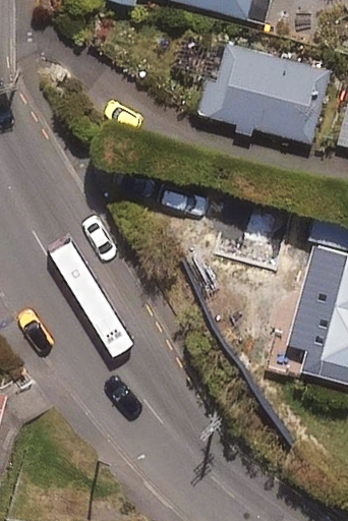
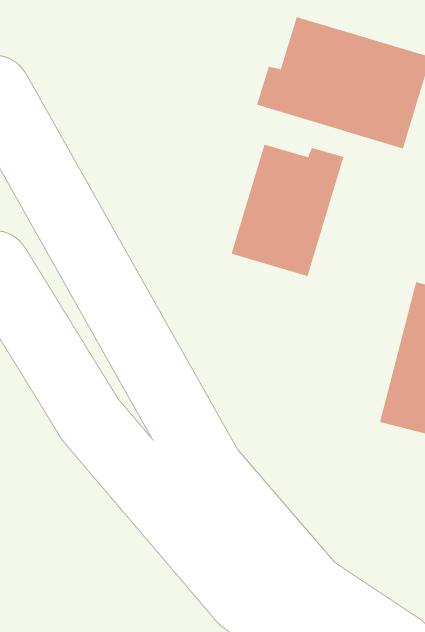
building: none -> [231,144,344,277]

